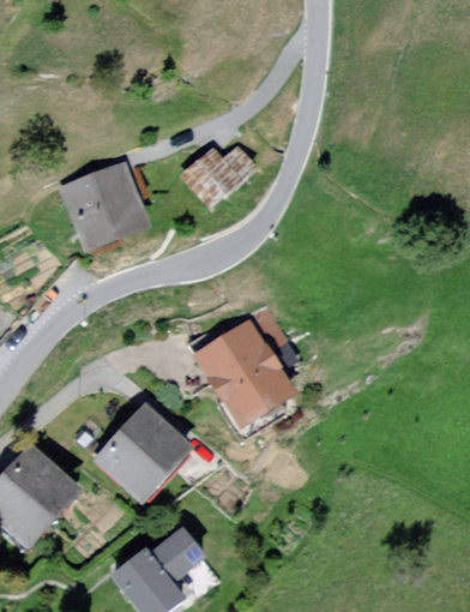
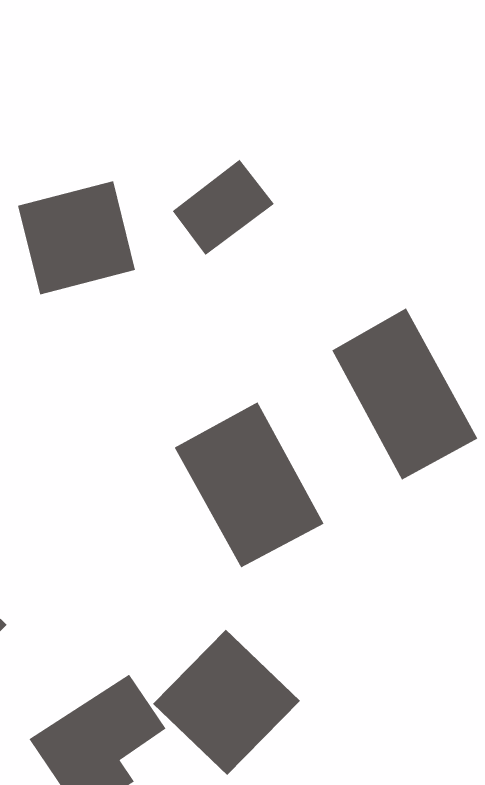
building: none -> [331,308,478,481]
building: [89,401,197,508] -> [152,629,301,776]

